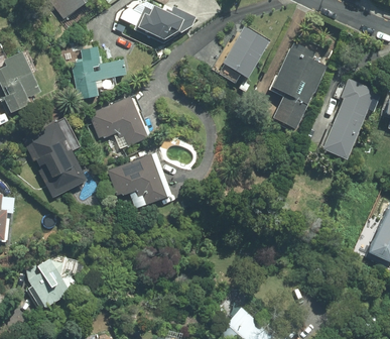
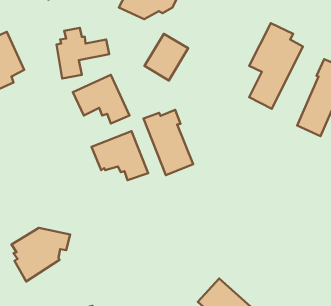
building: [223,30,268,79] -> [144,34,188,80]
building: [23,116,87,198] -> none
building: none -> [144,110,193,175]

